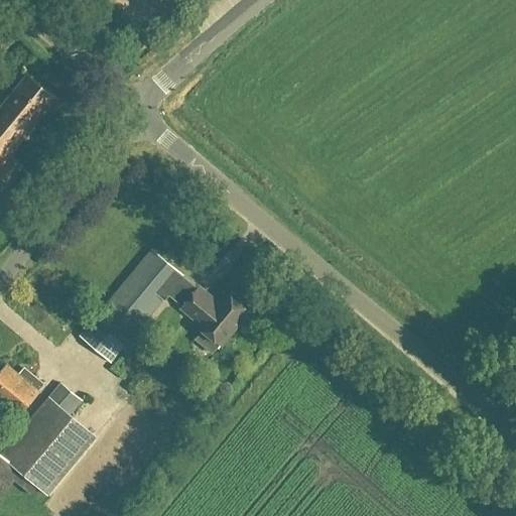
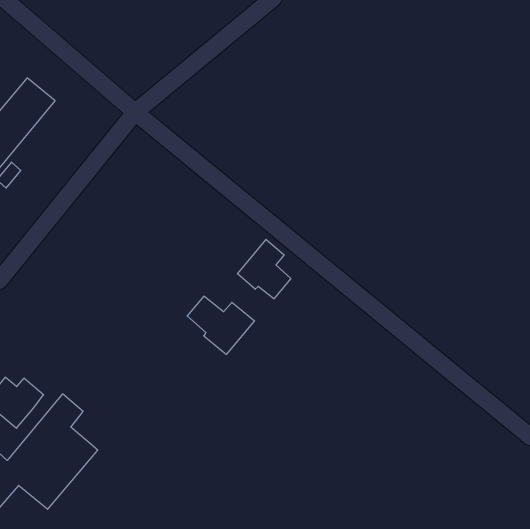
building: none -> [238,239,291,299]
building: [78,249,181,361] -> none

